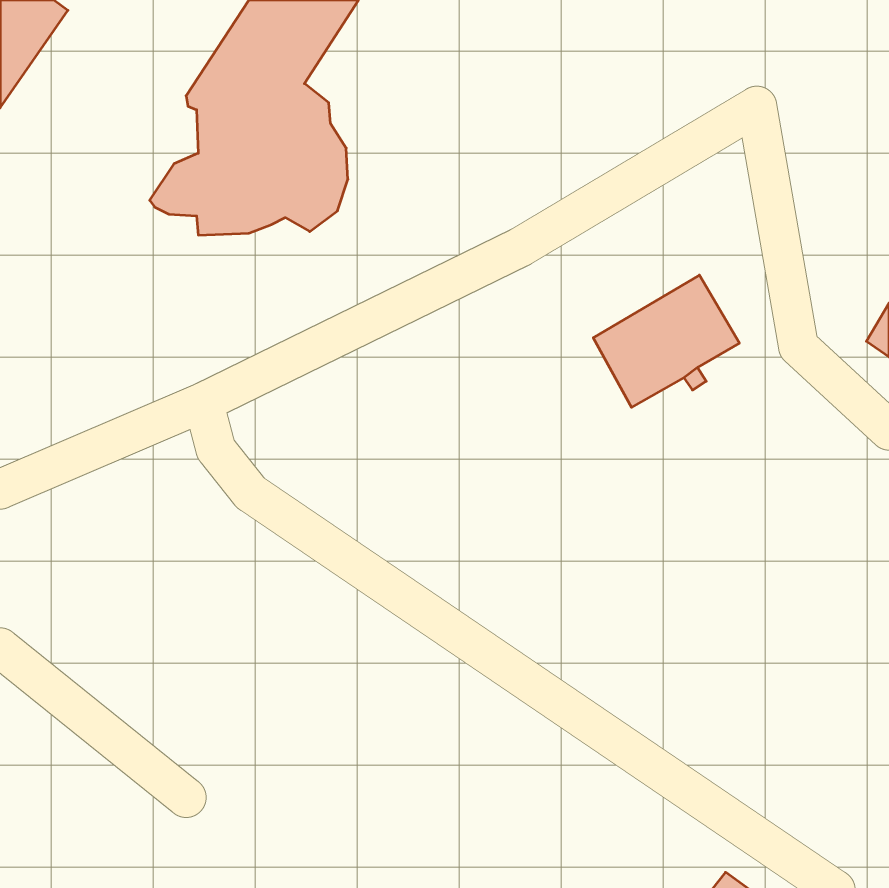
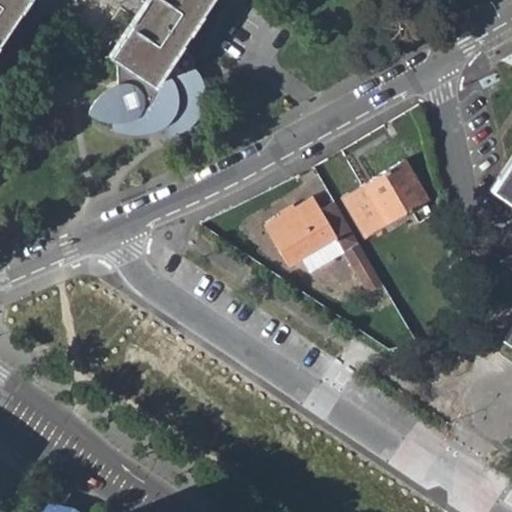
building: none -> [264,197,382,289]

